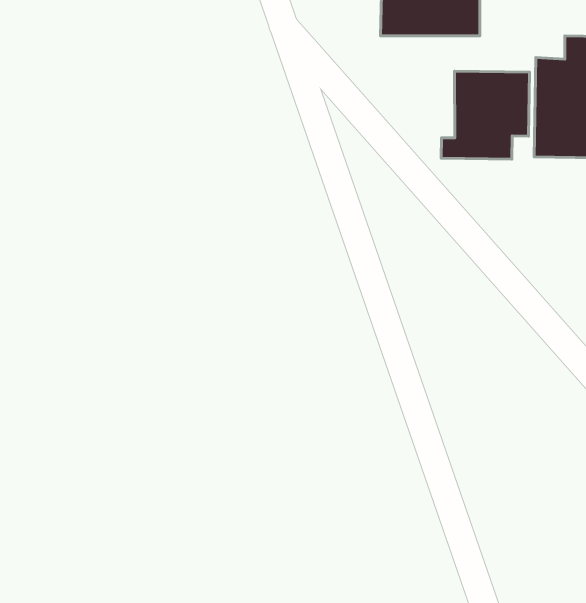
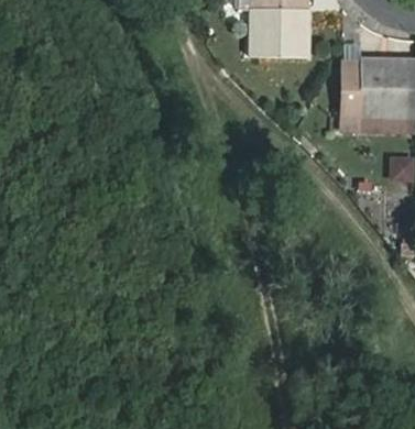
building: [441,71,529,159] -> none

